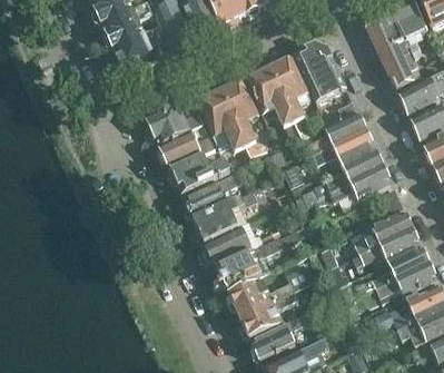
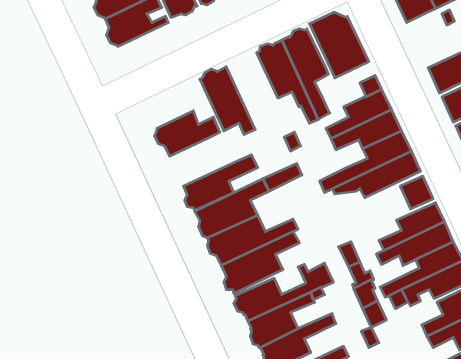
building: [379,42,421,88] -> none
building: [220,79,258,146] -> none
building: [146,99,204,145] -> none
building: [168,154,230,193] -> none

